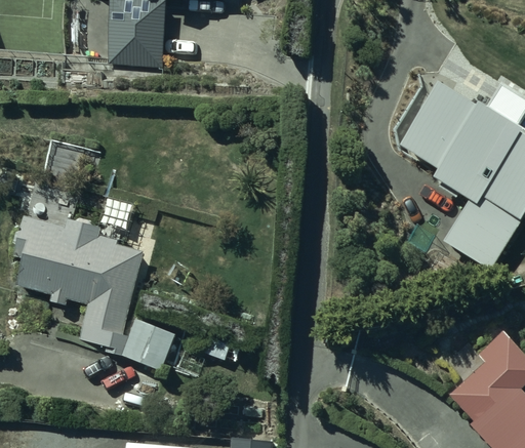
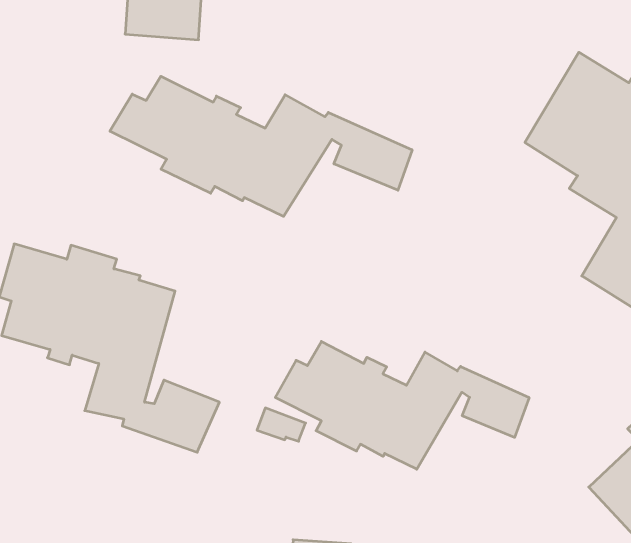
building: none -> [110,76,412,216]
building: none -> [275,341,529,469]

